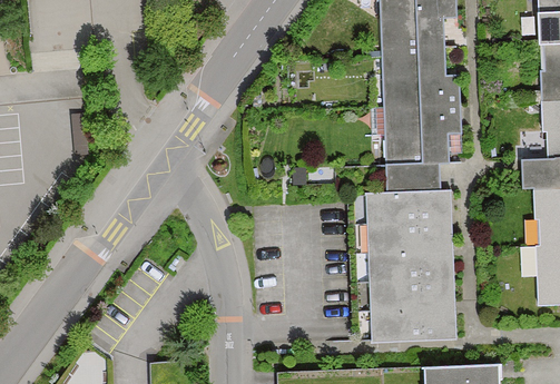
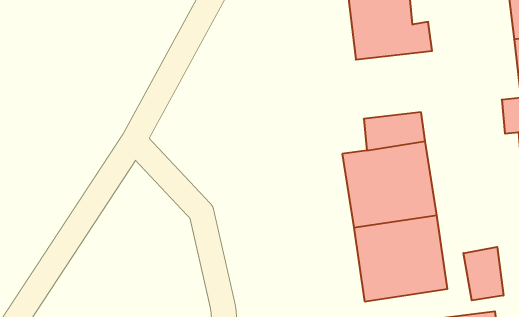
building: [386,106,462,166] -> none
building: none -> [463,247,503,300]

